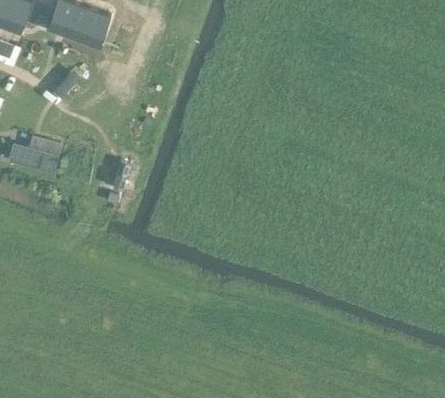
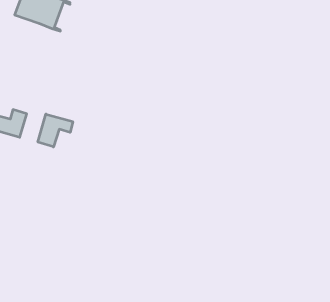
building: none -> [38,114,73,147]

